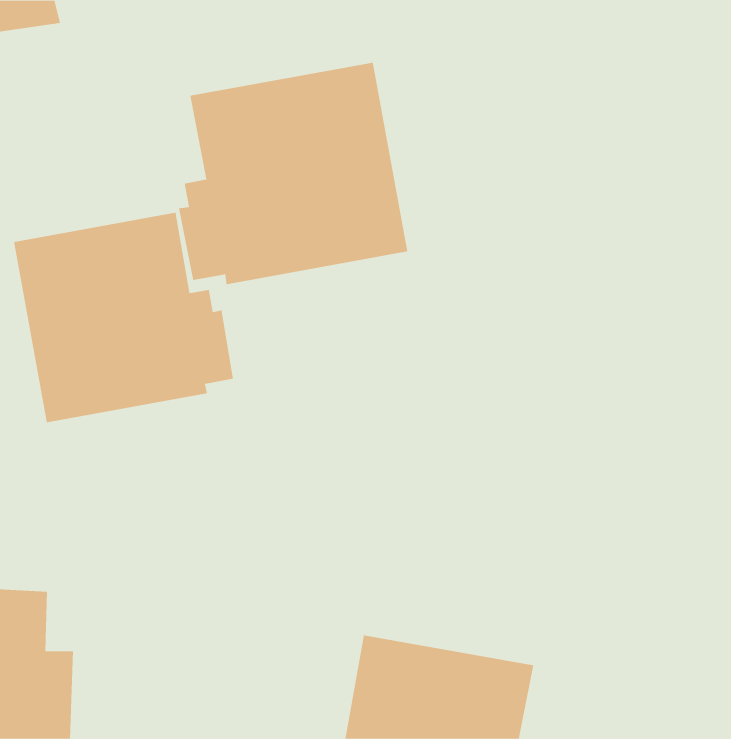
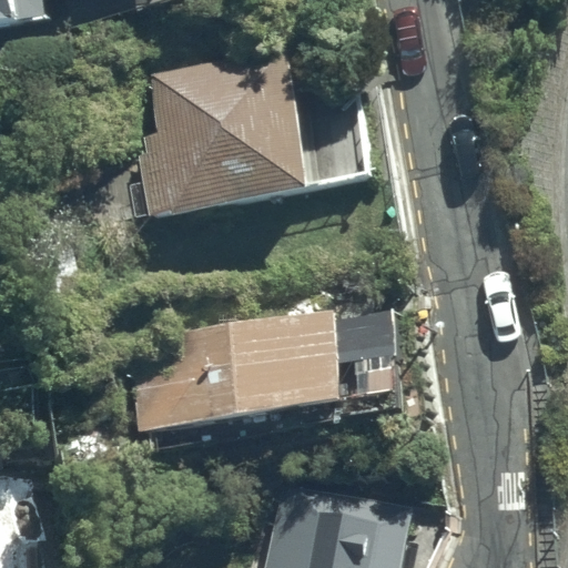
building: [14,212,234,423] -> none
building: none -> [124,314,345,436]

